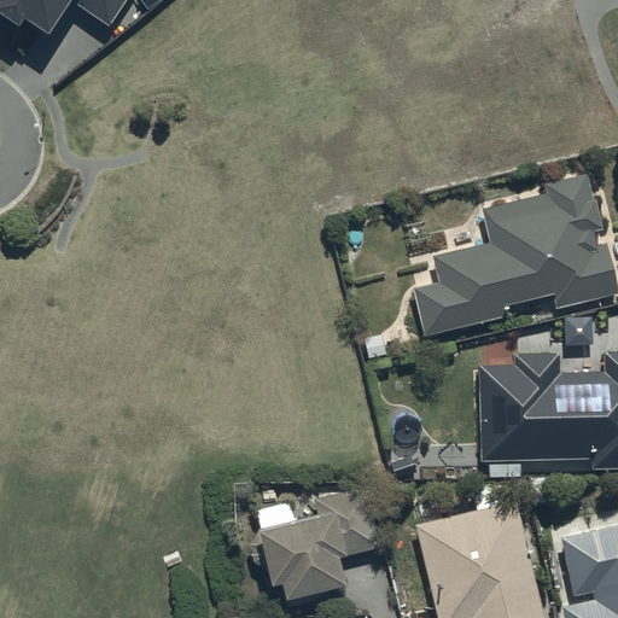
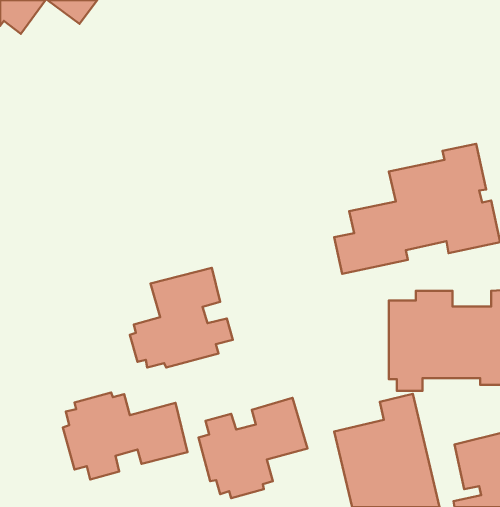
building: none -> [130,268,233,368]
building: none -> [63,392,188,480]

